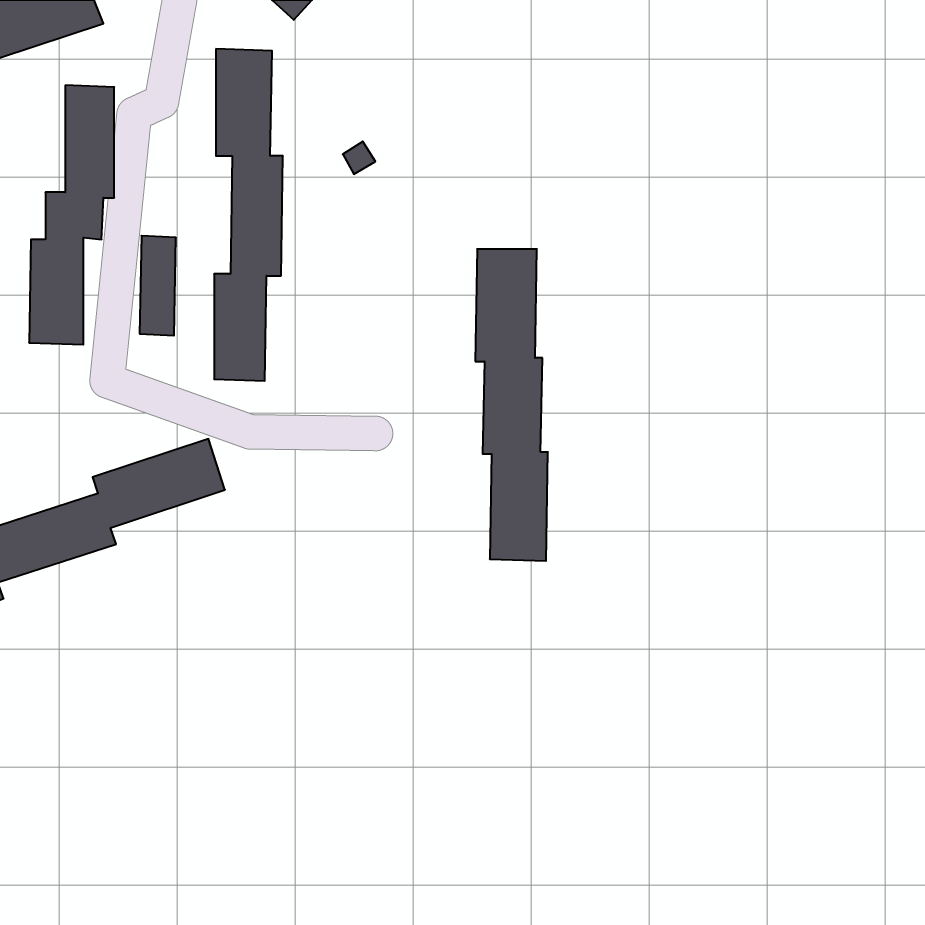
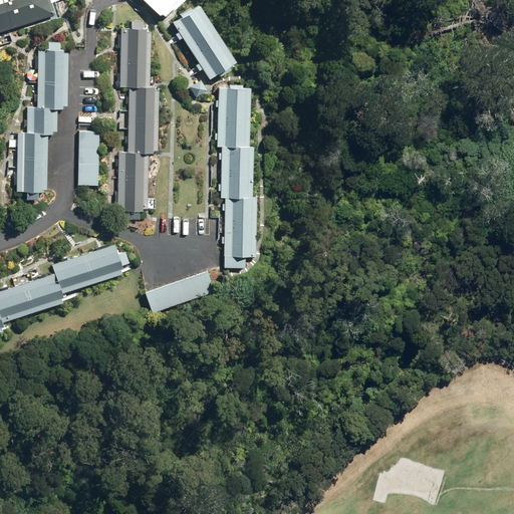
building: none -> [172,5,237,78]
building: [475,249,548,561] -> [216,85,256,258]
building: none -> [144,268,217,317]

